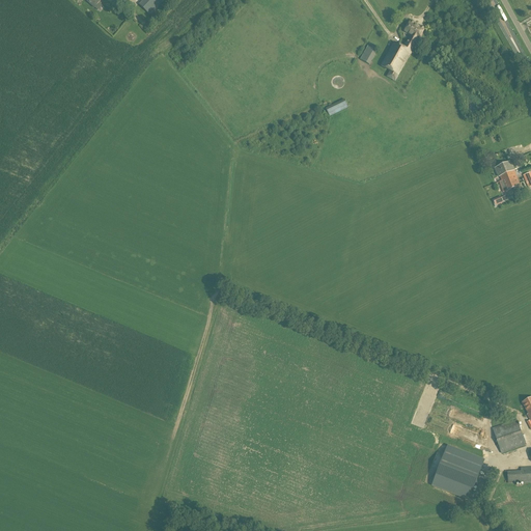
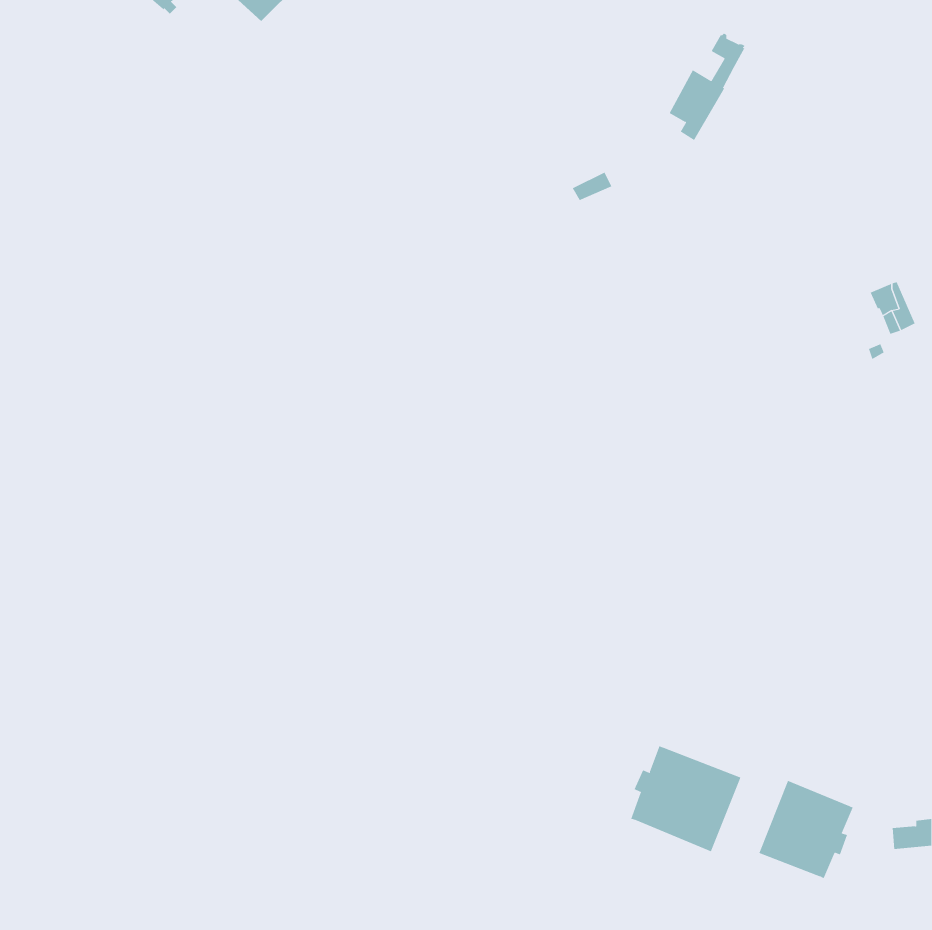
building: [492,418,525,452] -> none
building: none -> [630,746,741,852]

